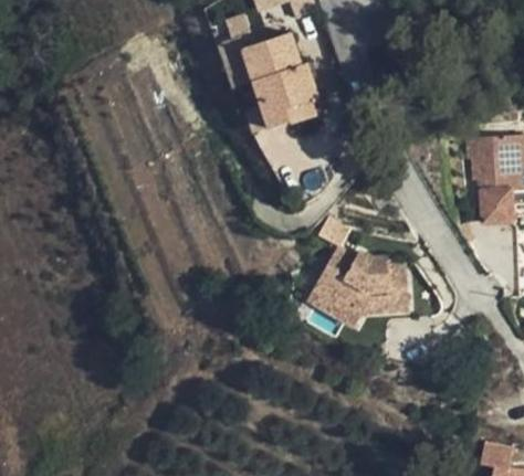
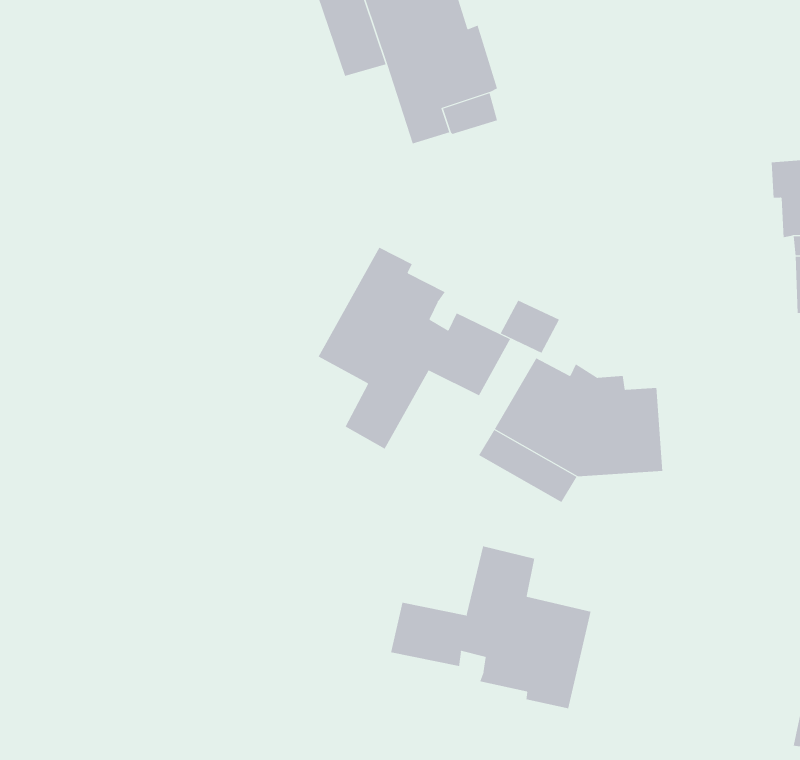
building: none -> [318,247,511,450]
building: none -> [390,545,591,709]

